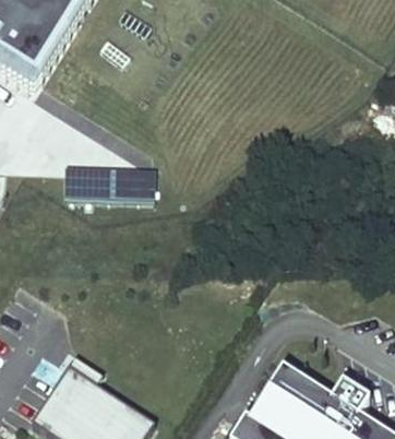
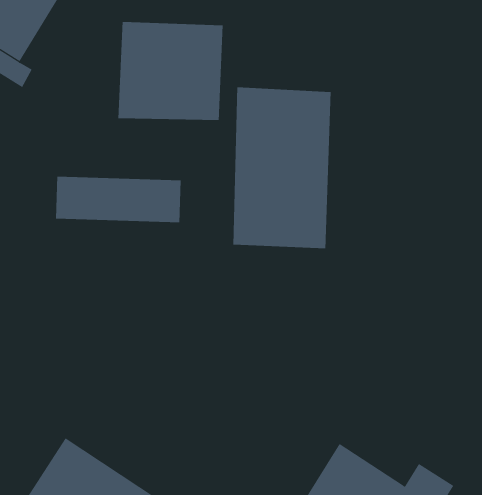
building: none -> [118,21,223,121]
building: none -> [233,86,331,249]

